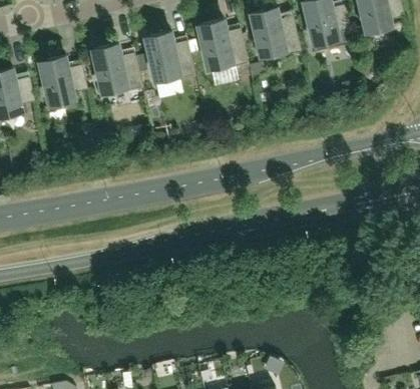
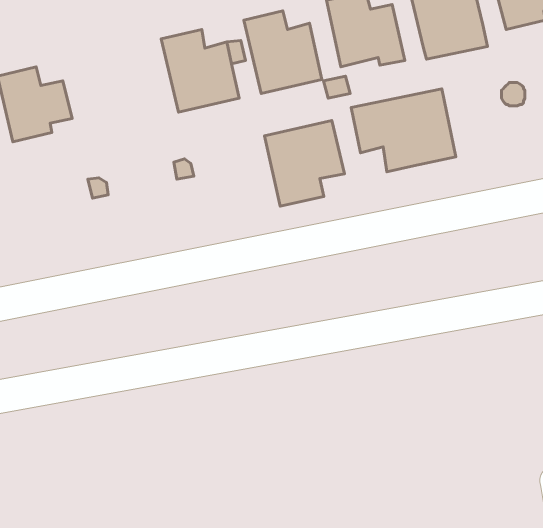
building: [91,44,141,97] -> none
building: none -> [351,89,456,172]
building: none -> [264,120,345,206]

